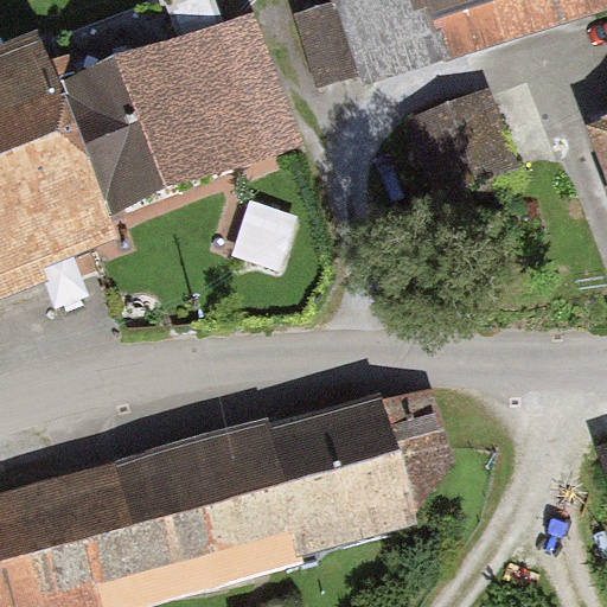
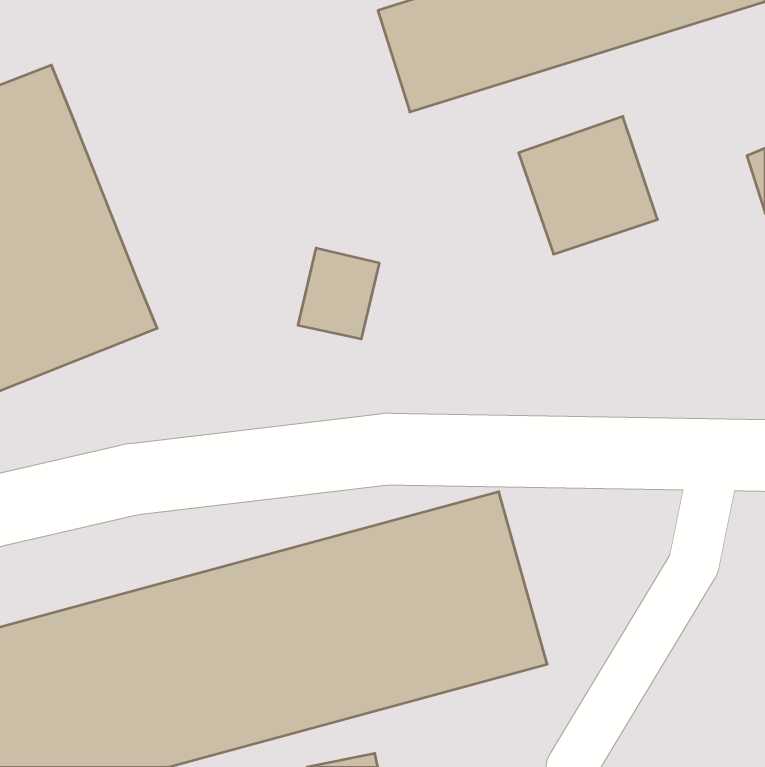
building: [59,25,296,223] -> none

